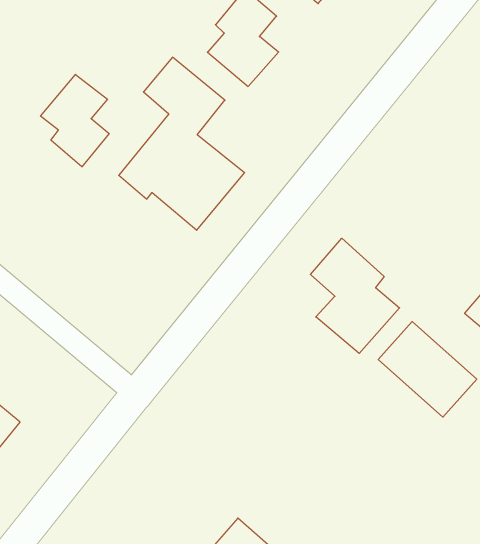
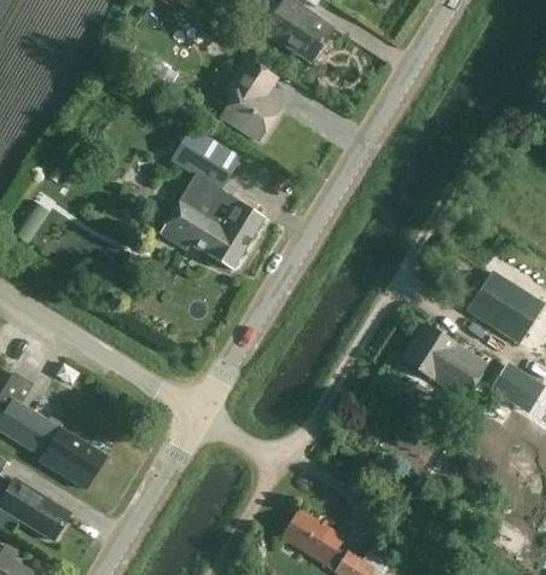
building: [41,74,109,167] -> none
building: [310,238,400,353] -> none

